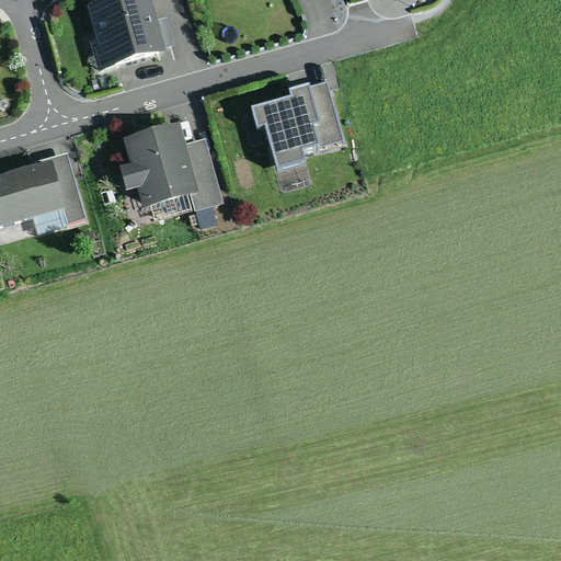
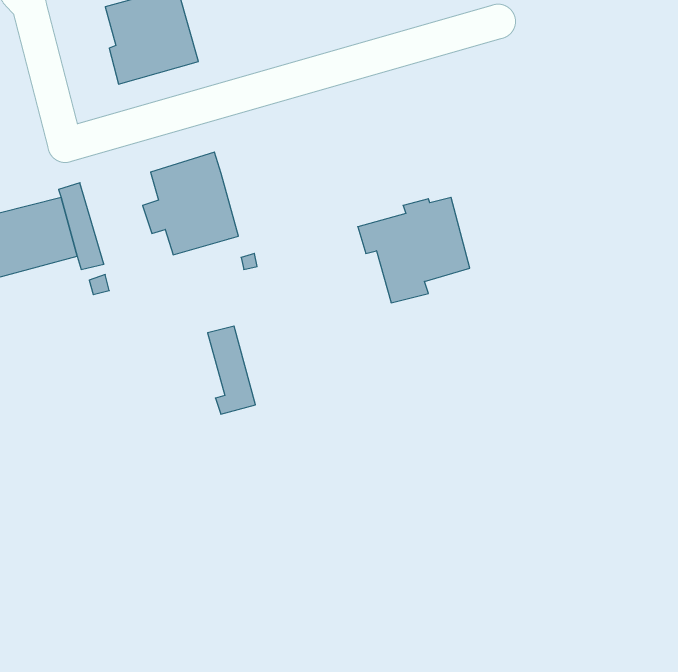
building: [249,77,341,163] -> [358,197,470,303]
building: [182,137,221,209] -> [208,326,255,414]

